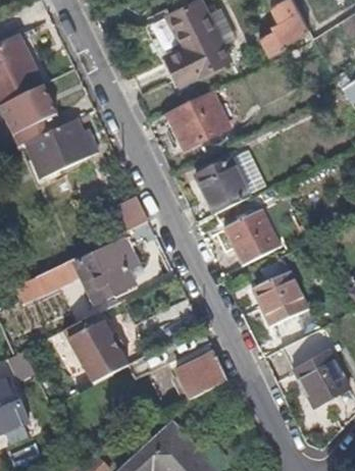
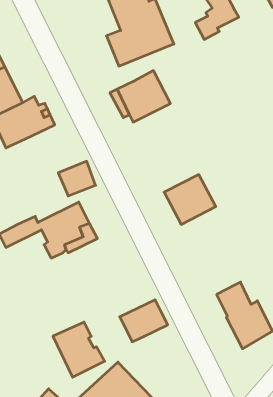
building: [196,156,251,214] -> none
building: [254,272,307,325] -> none
building: [69,319,129,382] -> [53,322,105,377]

